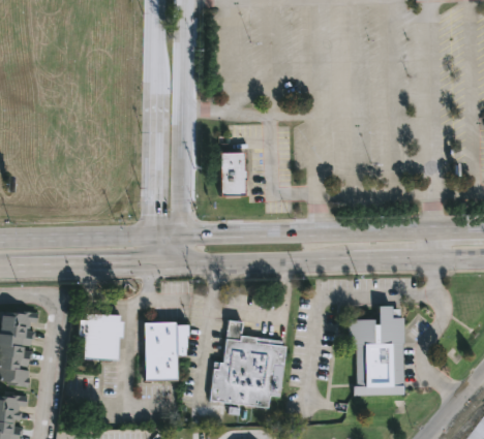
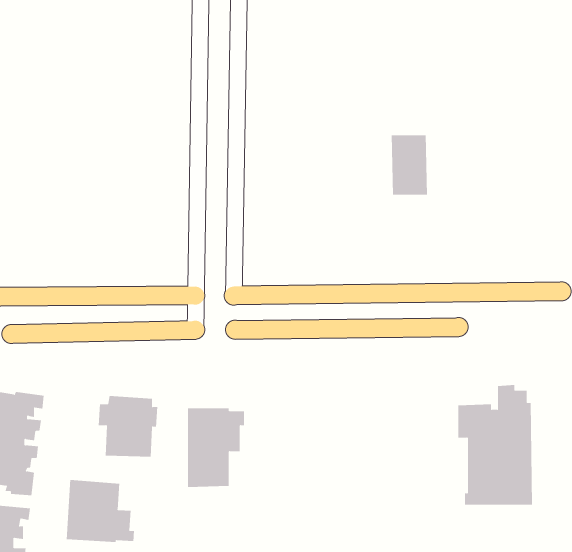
building: [218,152,246,197] -> [391,135,428,195]
building: [209,319,286,408] -> none
building: none -> [66,479,135,543]

